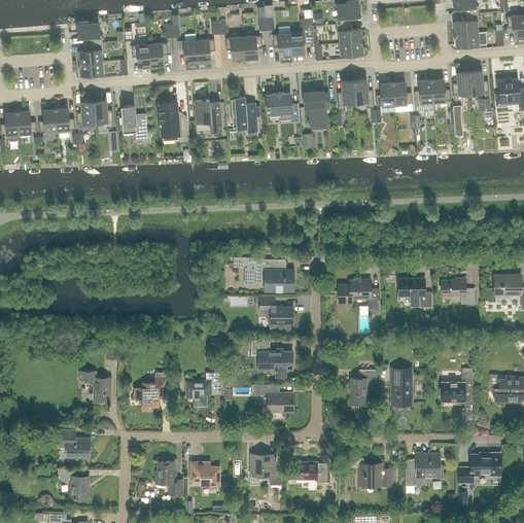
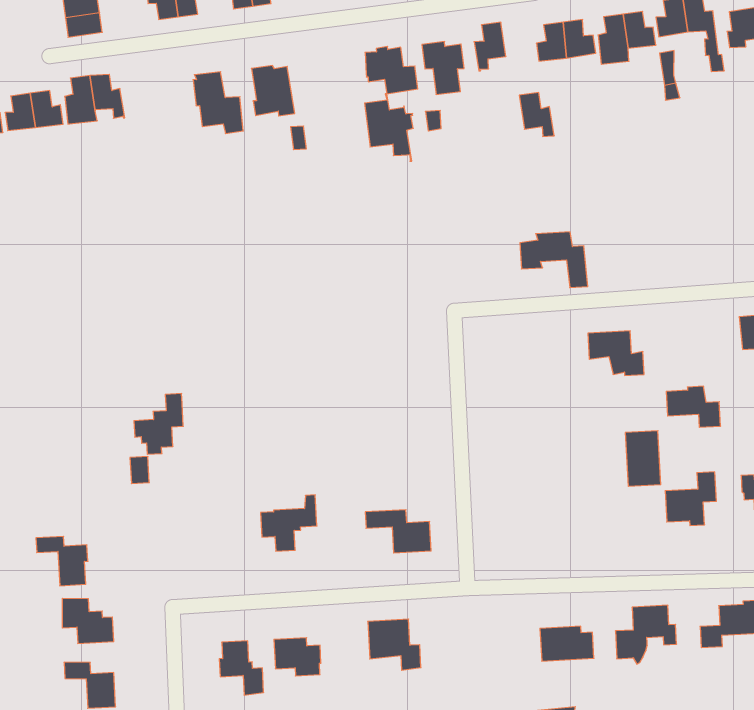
building: [353,79,374,107] -> [519,93,554,136]
building: [230,93,259,136] -> [365,94,413,161]
building: [120,101,147,138] -> none
building: [239,256,291,290] -> none
building: [441,278,474,304] -> [666,386,721,427]
building: [338,280,379,315] -> [520,232,588,288]
building: [258,299,291,327] -> none
building: [251,340,291,376] -> none
building: [349,370,376,404] -> none
building: [390,370,411,404] -> [625,431,661,486]
building: [78,371,110,402] -> [36,536,88,586]
building: [134,373,165,410] -> [134,394,183,454]
building: [294,461,326,482] -> none

